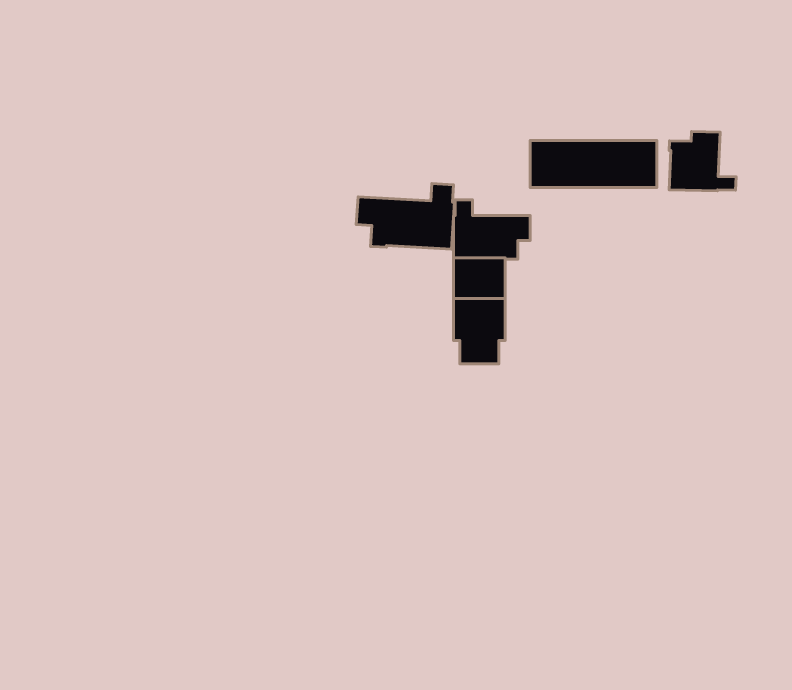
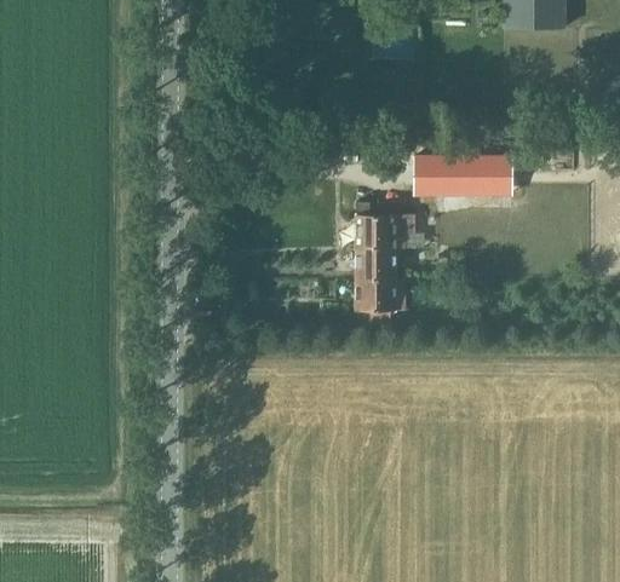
building: [669,132,736,191] -> none
building: [356,183,454,249] -> none

